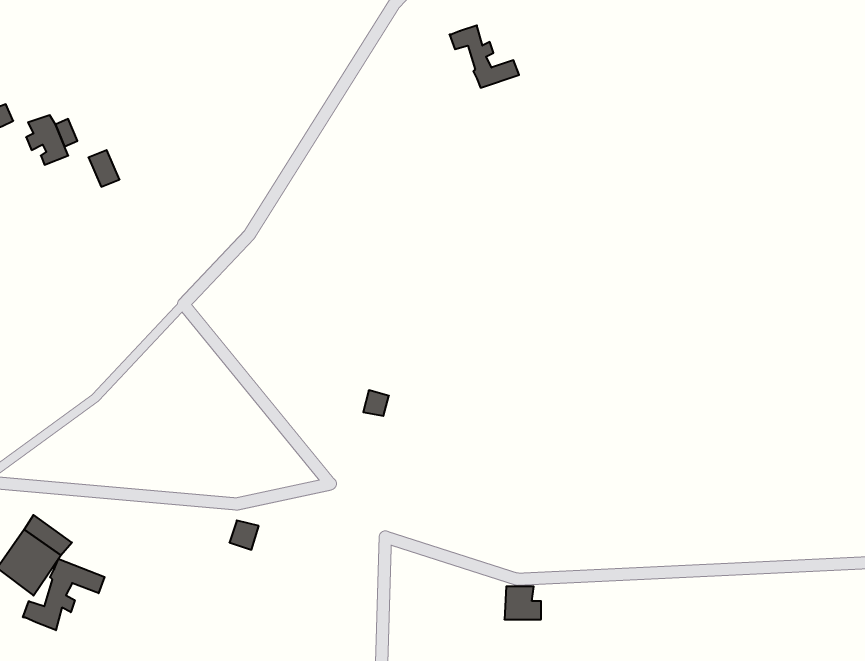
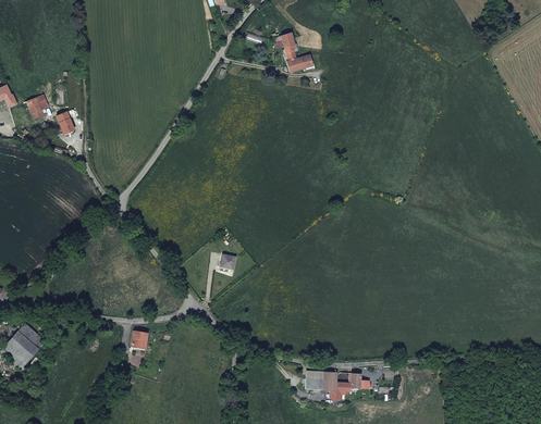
building: [23,559,105,630] -> none
building: none -> [319,370,370,400]

